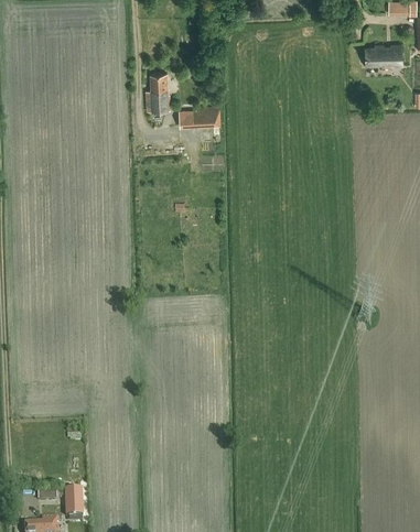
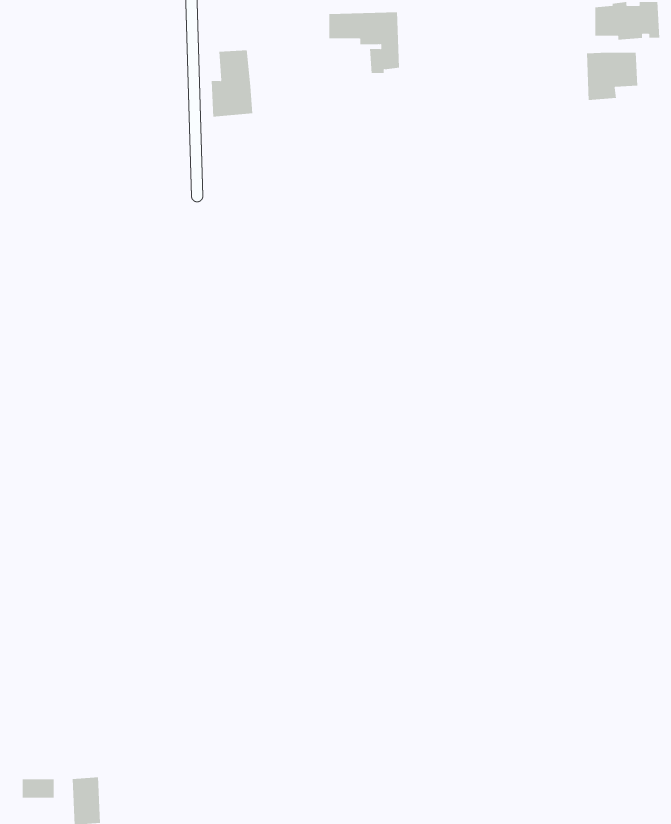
building: none -> [587,52,638,101]
building: [180,110,220,145] -> [329,12,400,74]

